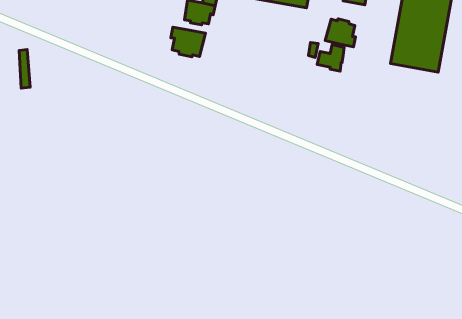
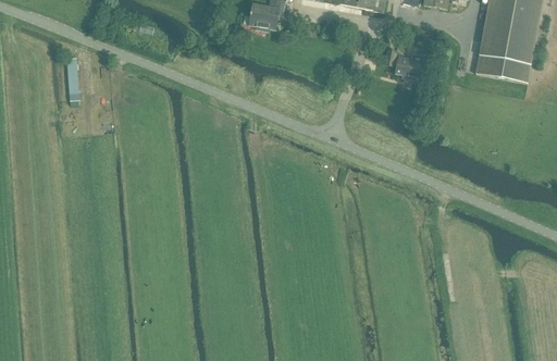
building: [325,19,356,47] -> none
building: [171,27,205,57] -> none

